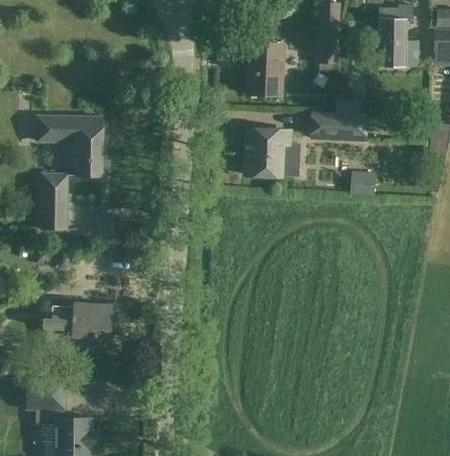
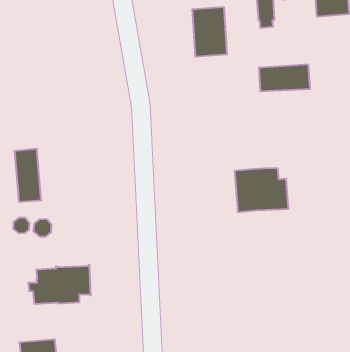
building: [37,116,102,176] -> none
building: [244,129,299,176] -> [235,168,289,212]
building: [351,171,376,195] -> none

